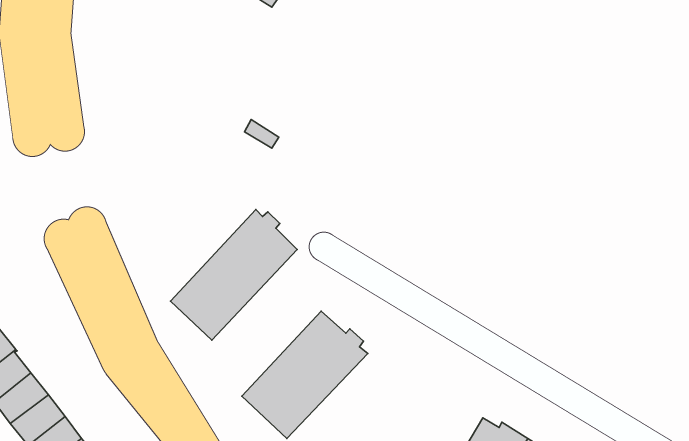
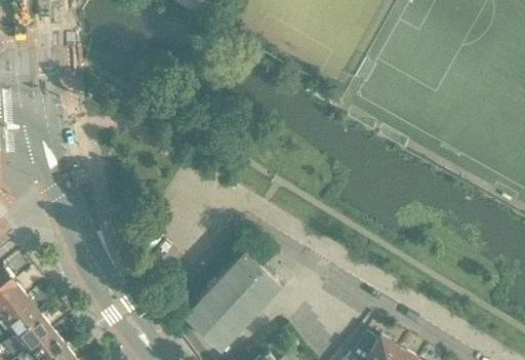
building: [170,209,297,340] -> none

